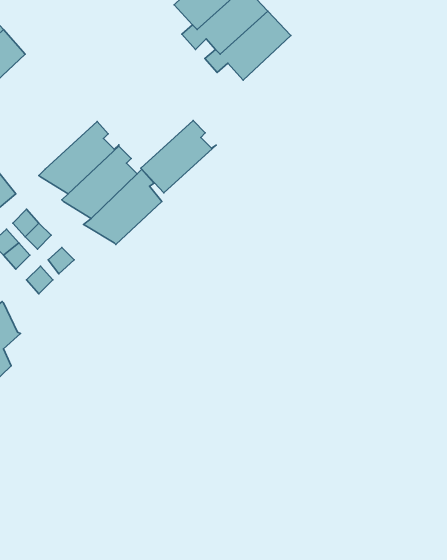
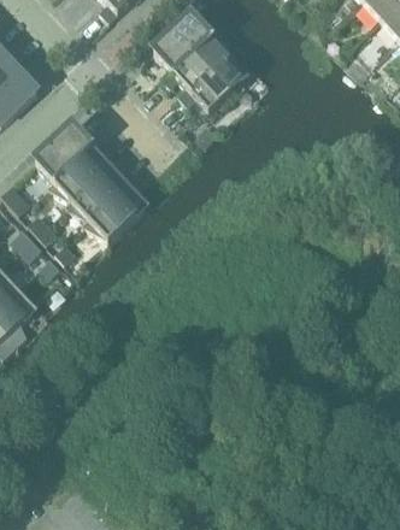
building: [141,121,216,193] -> [34,120,93,177]

